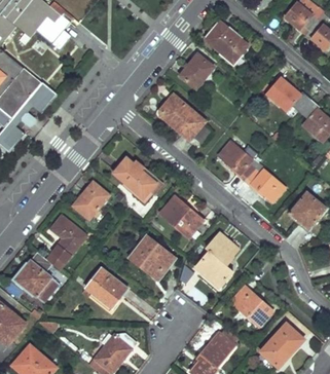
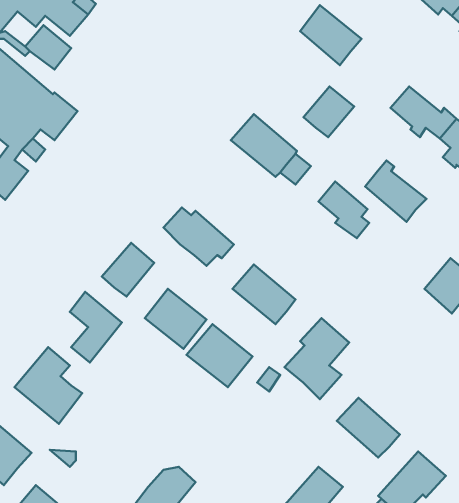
building: [180,53,214,87] -> [303,86,354,137]
building: [244,161,285,202] -> [365,160,427,222]
building: [85,268,126,308] -> [145,289,206,349]

